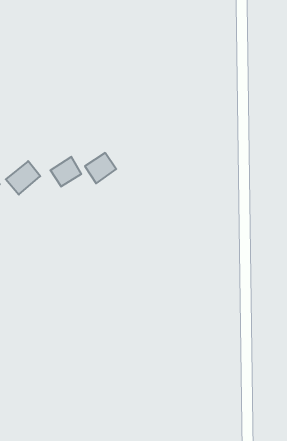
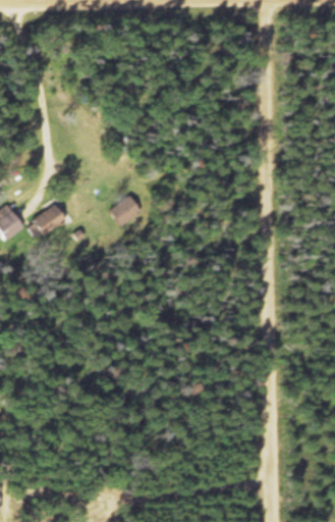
building: [50,157,81,187] -> none

